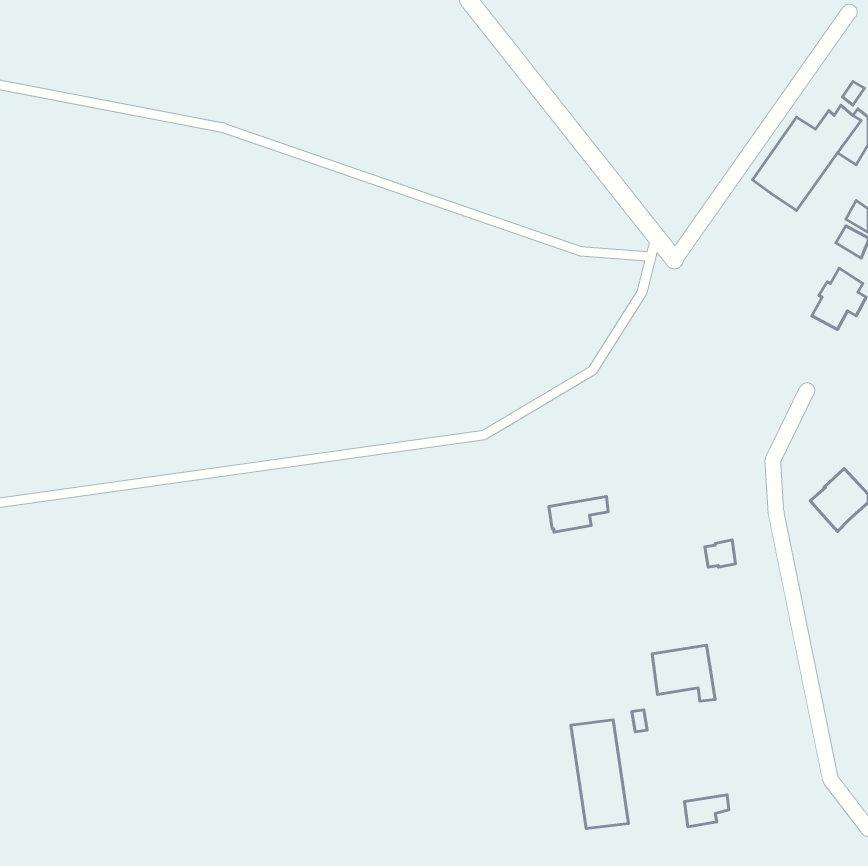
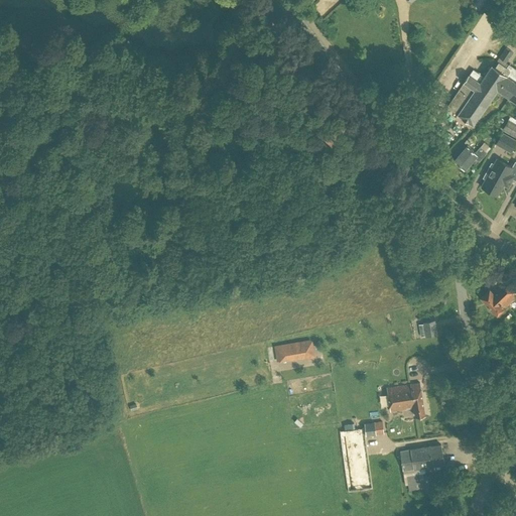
building: none -> [454,146,486,170]
building: [549,496,608,532] -> [276,342,311,363]
building: none -> [400,445,444,472]

